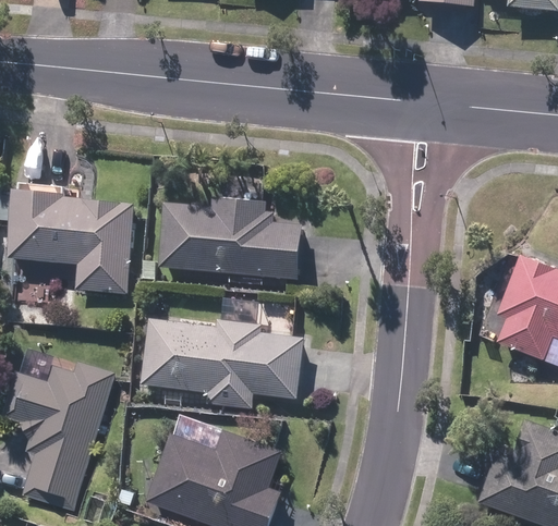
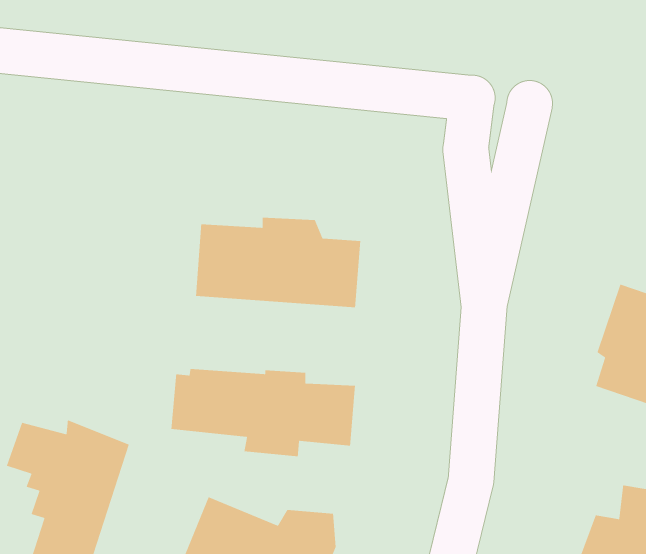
building: [13,194,133,292] -> none

